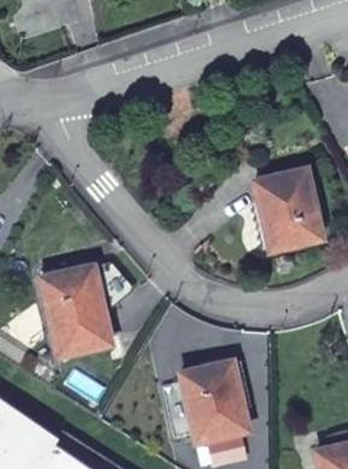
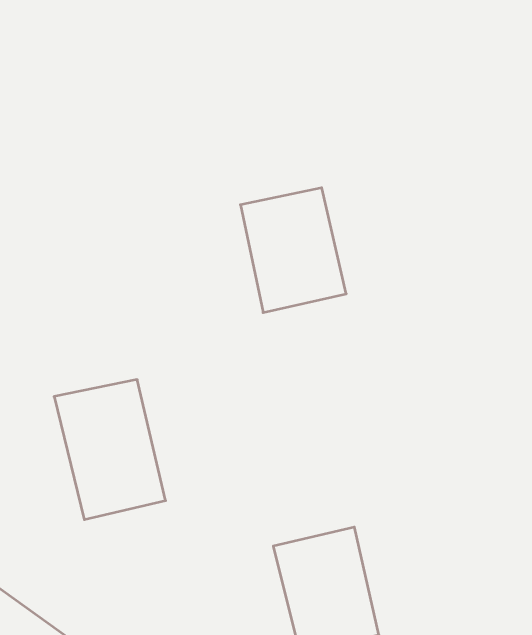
building: [253,170,320,250] -> [240,188,346,313]

